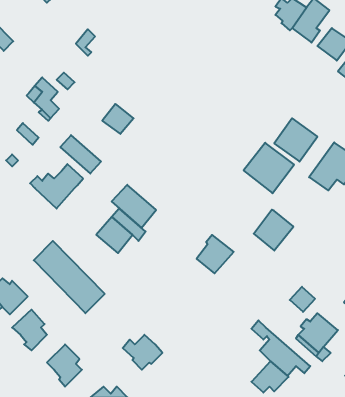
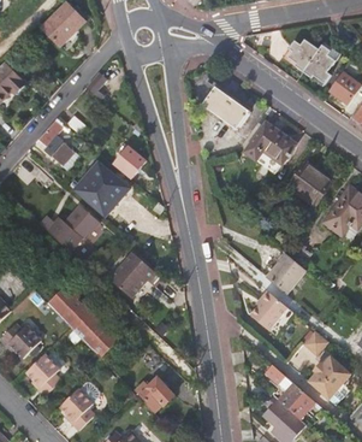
building: none -> [200,84,245,126]
building: [244,143,294,193] -> [242,120,292,171]
building: [112,185,156,228] -> [83,161,127,205]
building: [197,235,234,273] -> [250,291,287,330]

